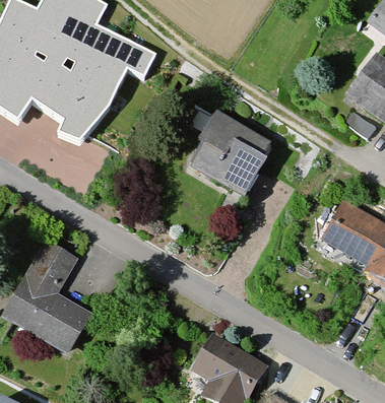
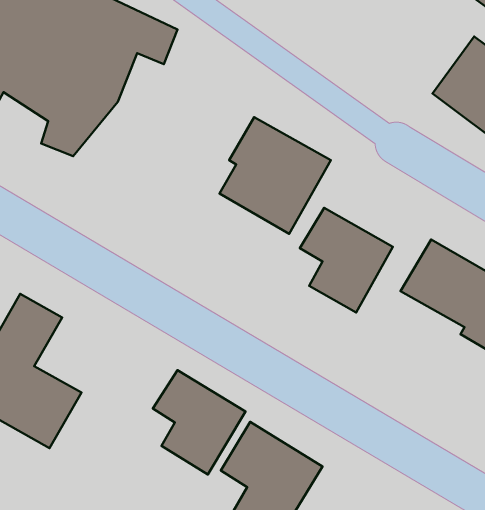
building: none -> [300,208,393,313]
building: none -> [153,370,246,474]

